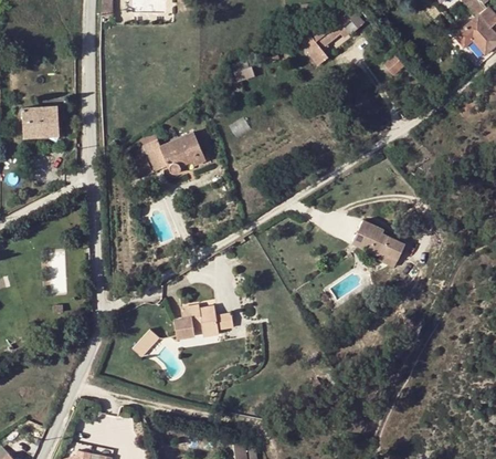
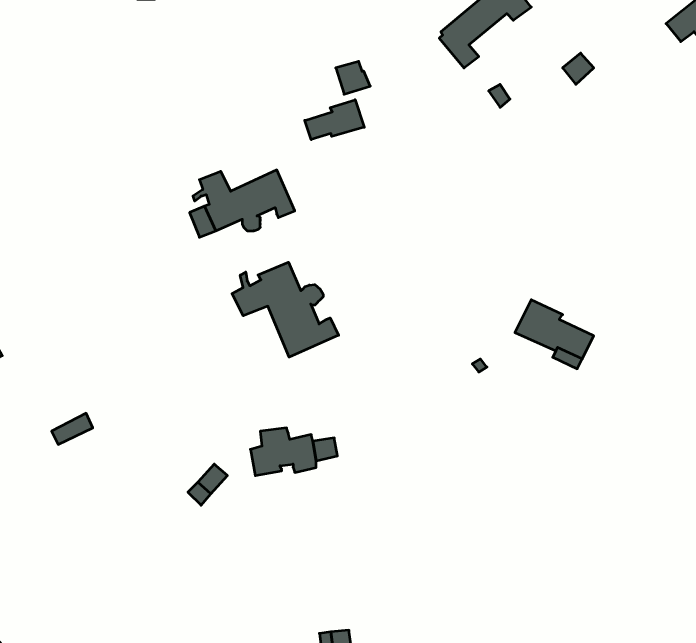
building: none -> [305,100,364,140]
building: [21,106,59,138] -> none
building: none -> [232,262,339,357]

